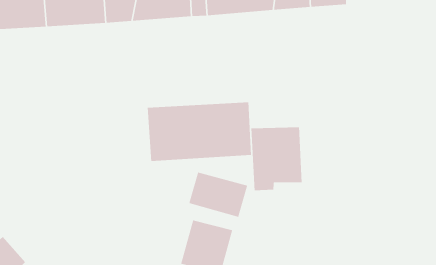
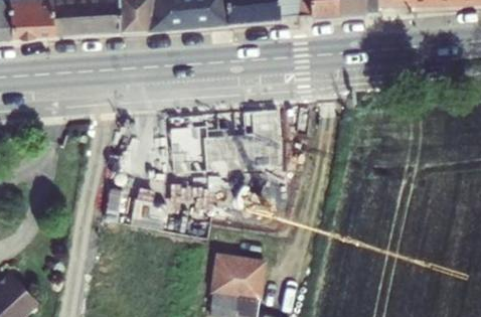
building: [250,127,303,191] -> none
building: [189,172,248,218] -> none

